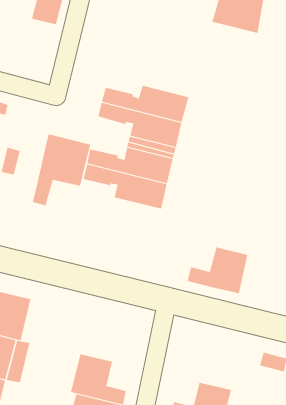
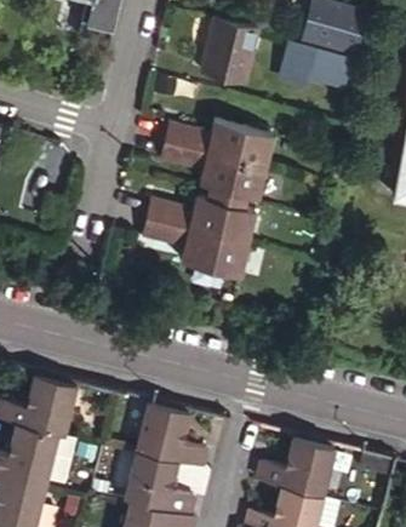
building: none -> [202,19,257,81]
building: none -> [285,42,351,87]
building: [32,133,91,206] -> none
building: [187,247,248,294] -> [262,439,338,497]
building: none -> [138,403,208,468]

